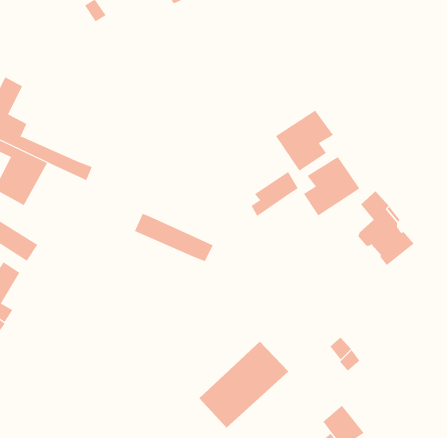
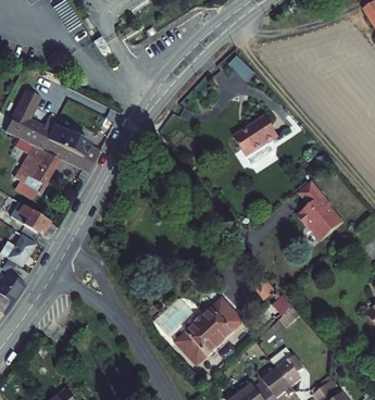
building: [303,156,360,216] -> none
building: [251,171,298,217] -> none
building: [134,213,214,262] -> [36,122,98,160]

